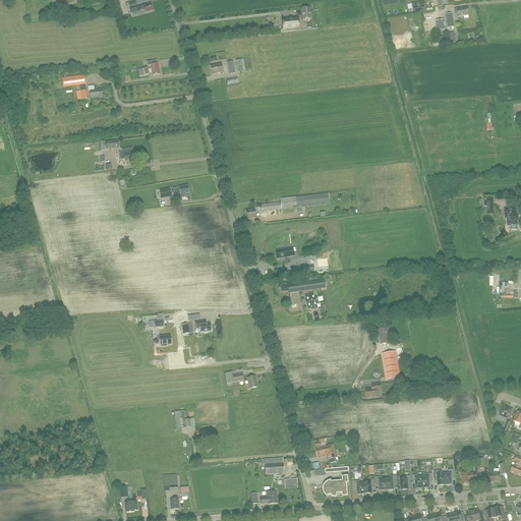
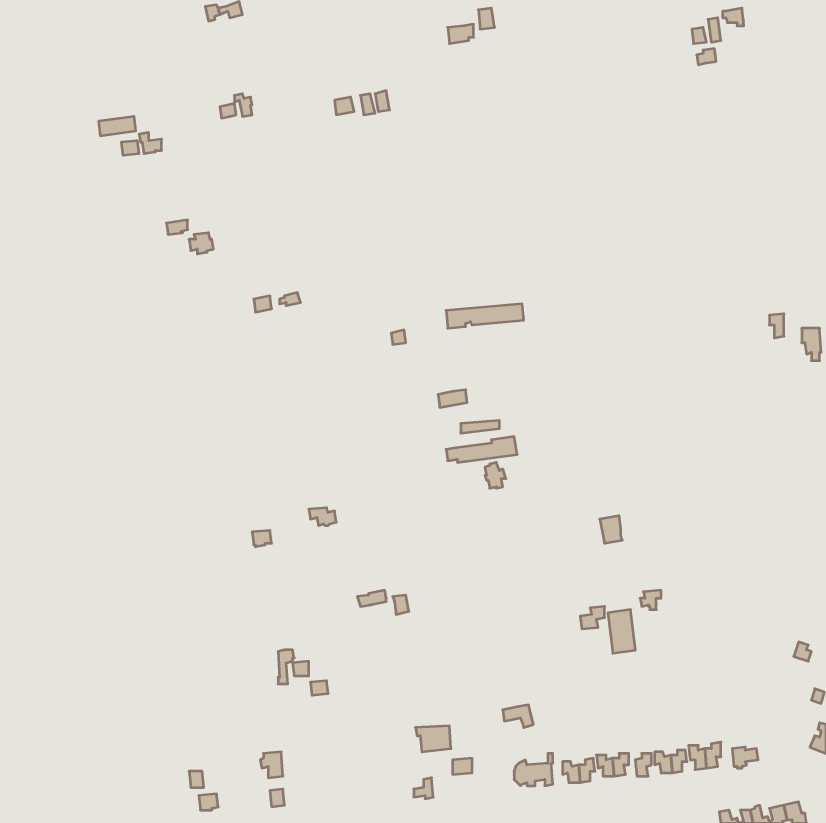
building: [383,350,400,378] -> [608,610,635,653]

